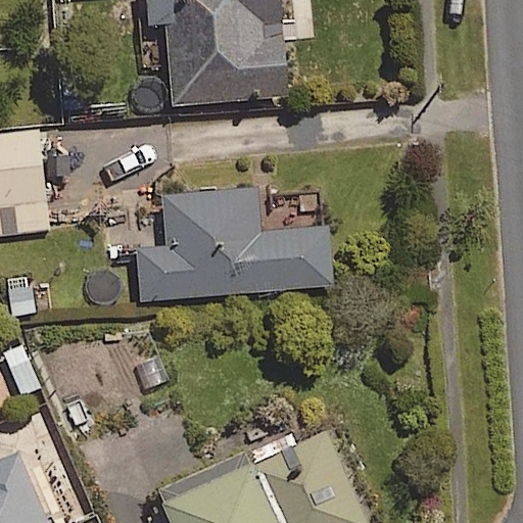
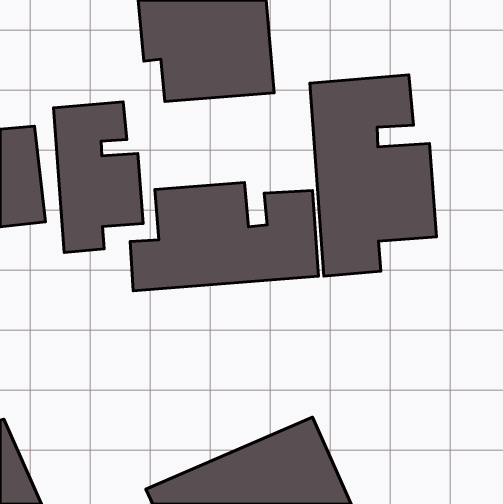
building: none -> [310,75,437,276]
building: none -> [53,102,143,253]

